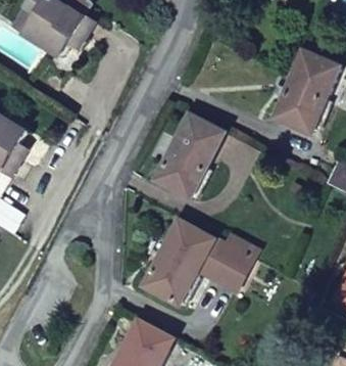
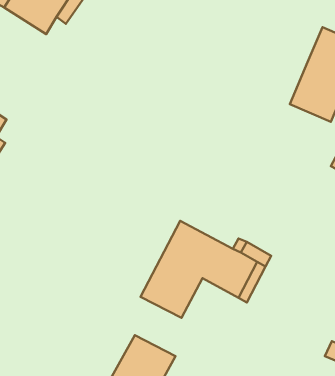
building: [156,112,226,197] -> none

